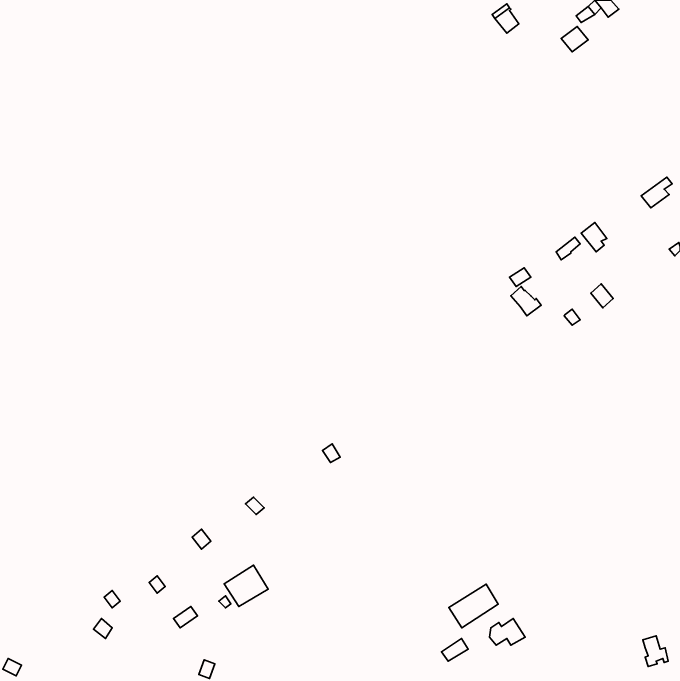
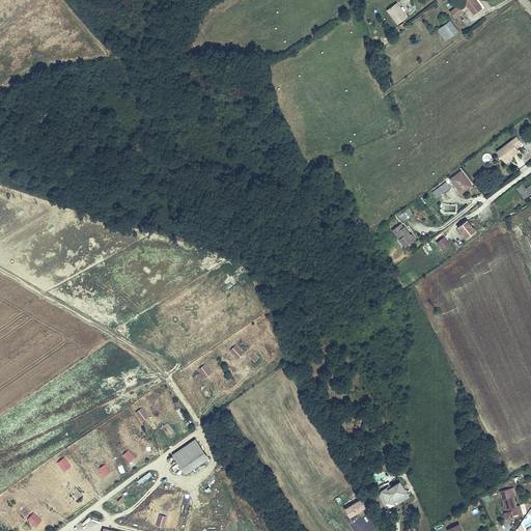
building: [449,584,498,628] -> none

